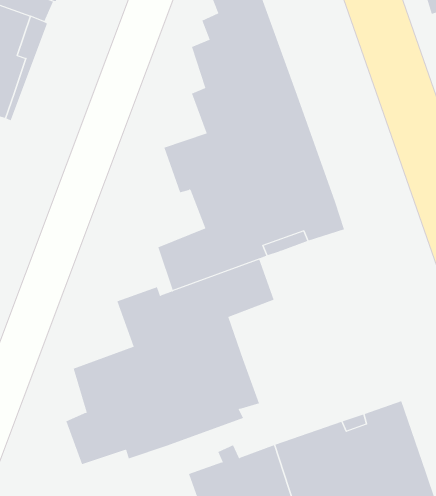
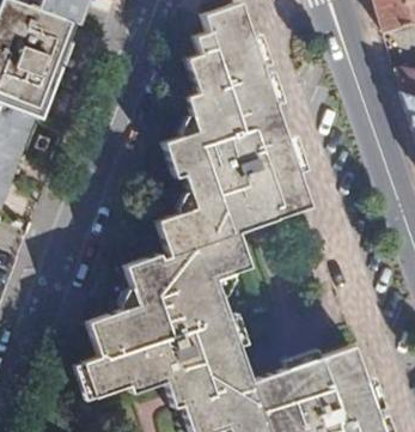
building: none -> [169,349,256,410]

